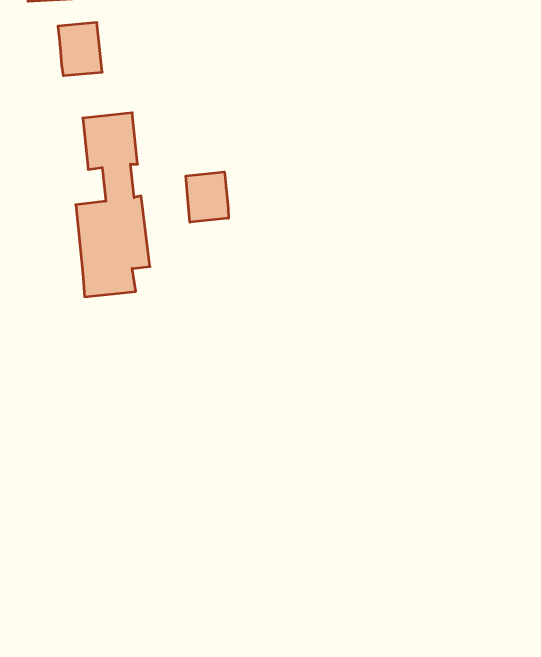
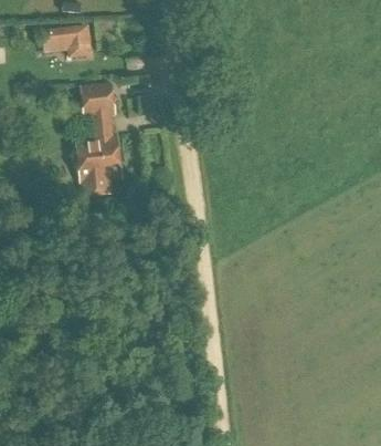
building: [186,172,228,222] -> none

